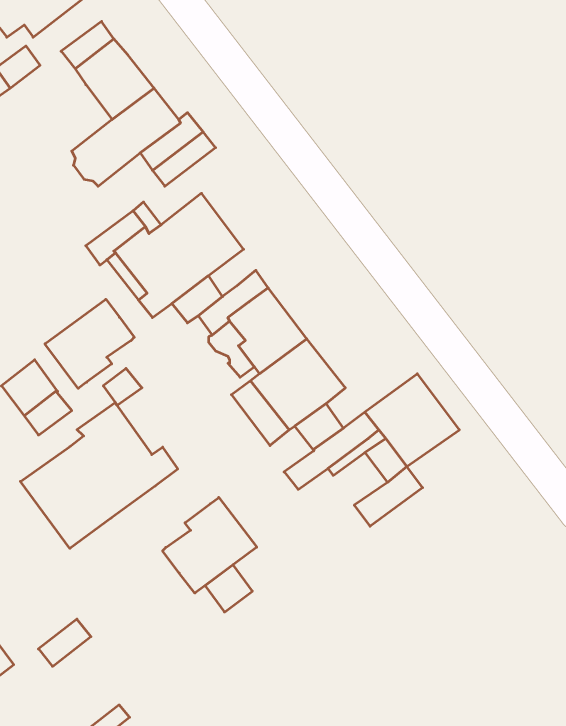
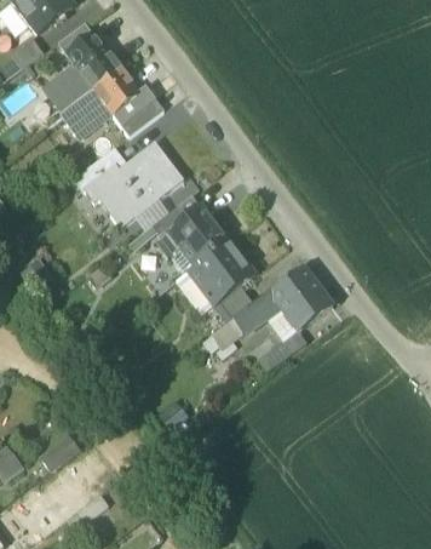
building: none -> [46,67,93,113]
building: [45,299,134,388] -> none
building: [20,402,178,548] -> none
building: [163,497,257,593] -> none

